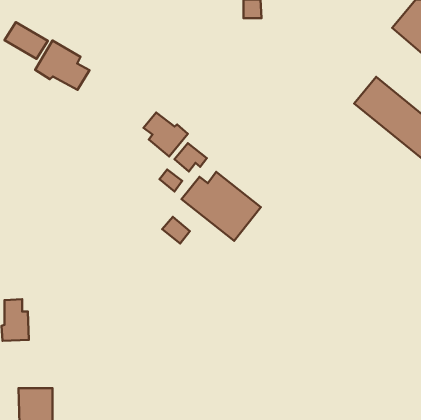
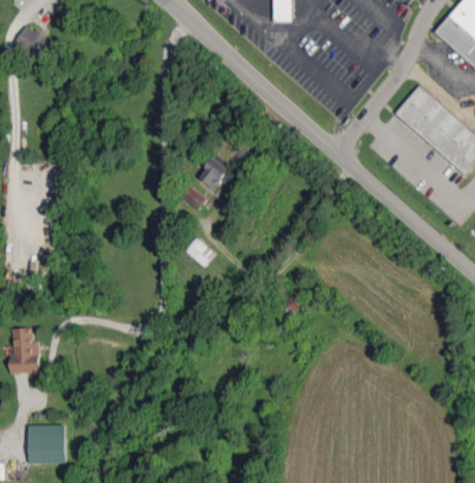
building: [35,41,90,90] -> none
building: [143,113,188,156] -> none
building: [181,172,261,241] -> none

